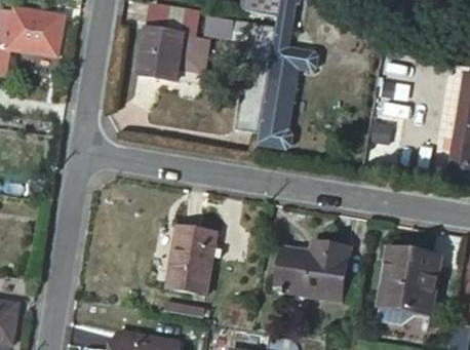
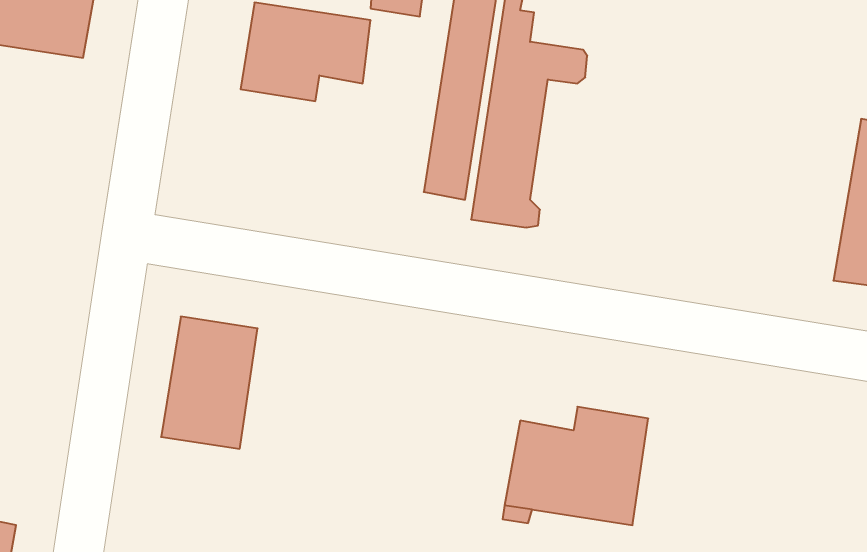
building: [168,224,219,293] -> [161,317,258,449]
building: [381,246,439,310] -> none

